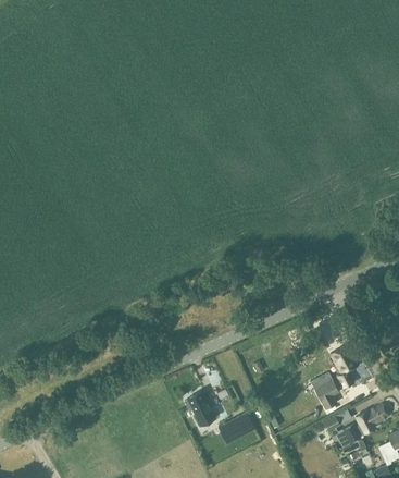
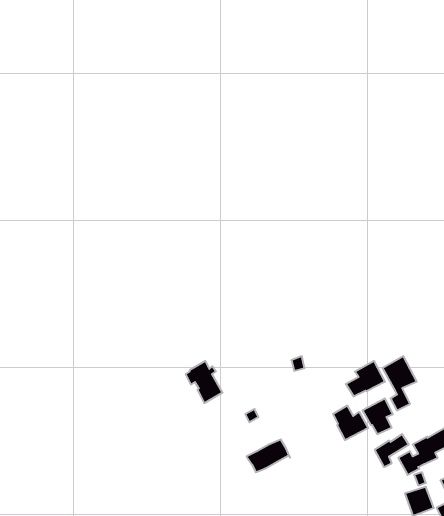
building: none -> [346,361,385,397]
building: none -> [333,405,368,440]
building: [184,391,214,426] -> [186,361,223,403]

